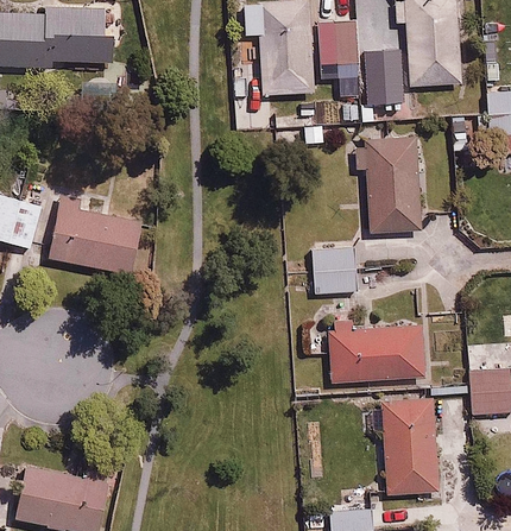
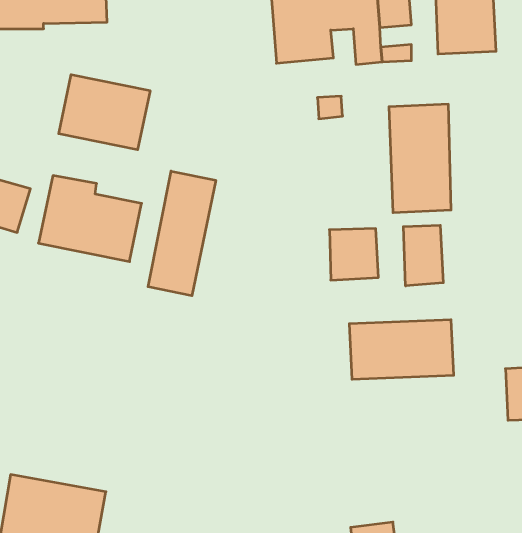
building: none -> [59,75,150,150]
building: none -> [148,171,216,296]
building: none -> [403,225,443,286]
building: [381,400,437,493] -> none

